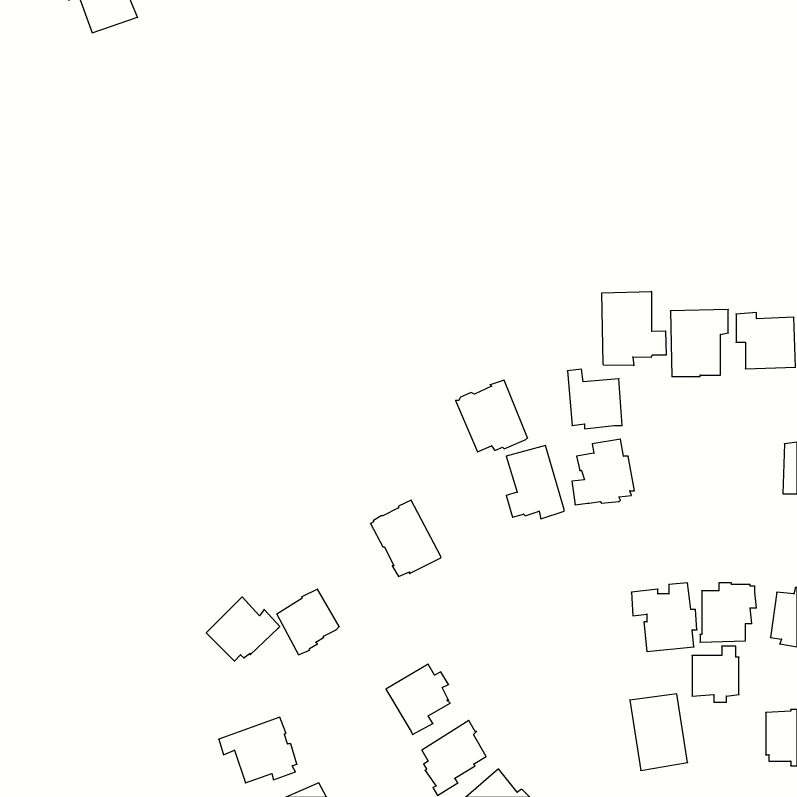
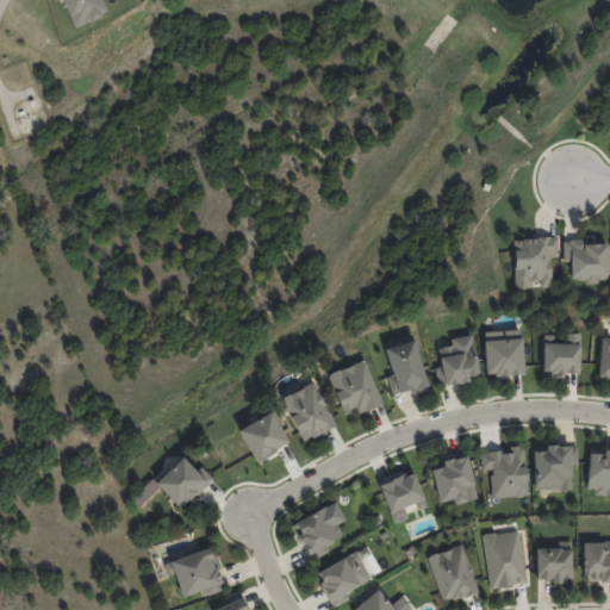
building: [602,291,666,366] -> none
building: [567,369,622,429] -> [485,330,527,375]
building: [456,380,528,452] -> [329,359,384,413]
building: none -> [542,331,580,373]
building: [277,589,339,655] -> [242,411,290,461]
building: none -> [432,455,475,503]
building: none -> [381,471,428,521]
building: [692,646,739,702] -> [540,541,575,584]
building: none -> [428,544,480,599]

